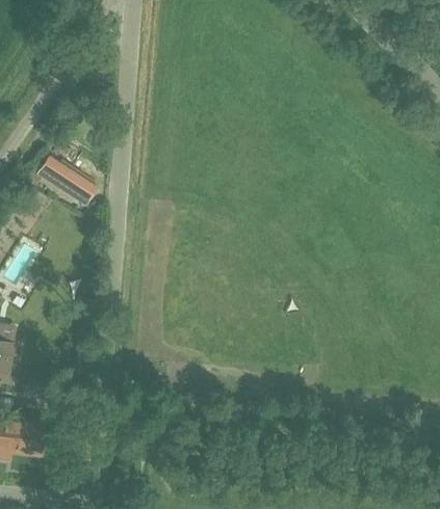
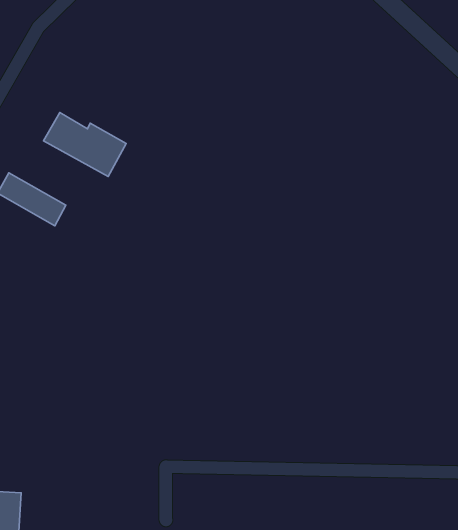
building: none -> [44,113,126,177]

